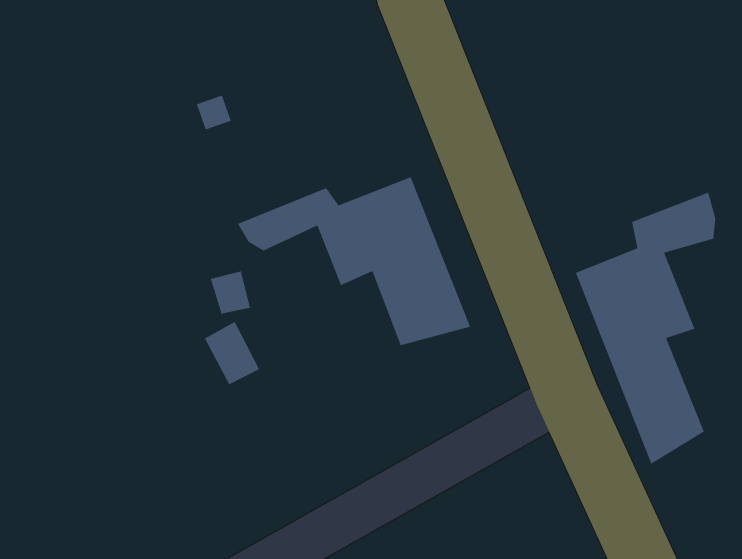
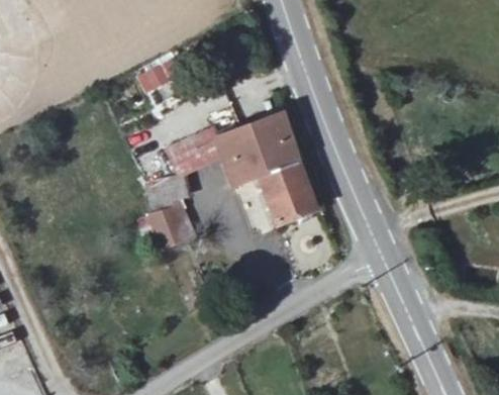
building: [575,192,716,465] -> none

